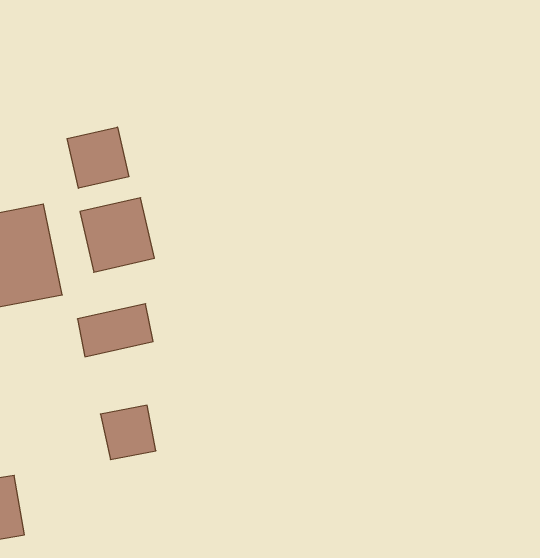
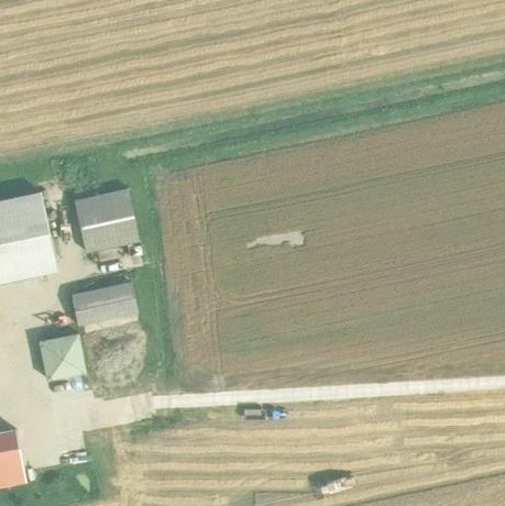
building: [67,127,129,188] -> none
building: [100,405,156,460] -> [37,333,86,381]

